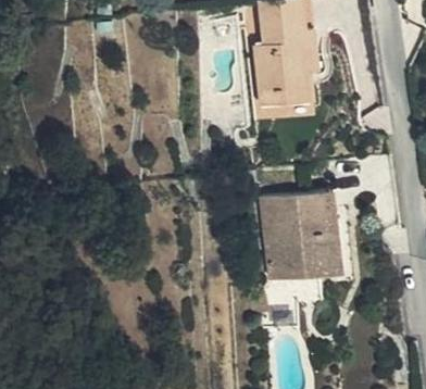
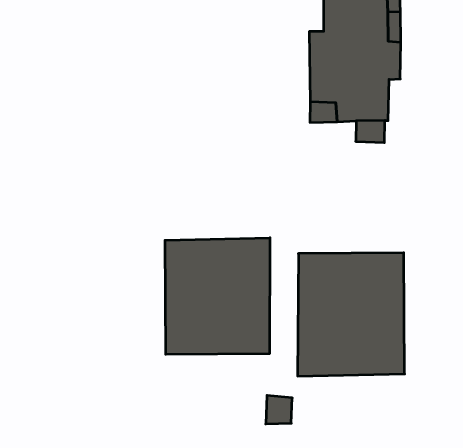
building: none -> [165,238,270,354]

